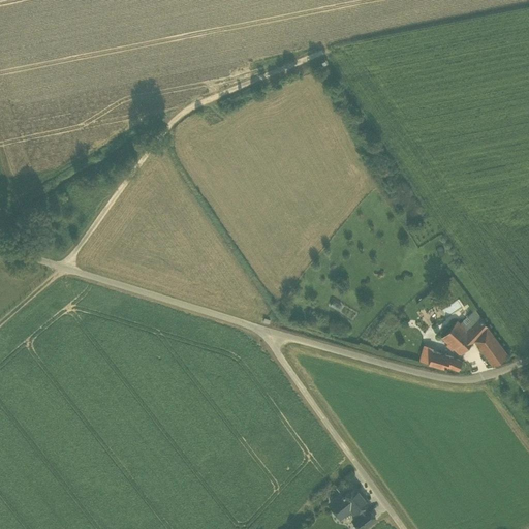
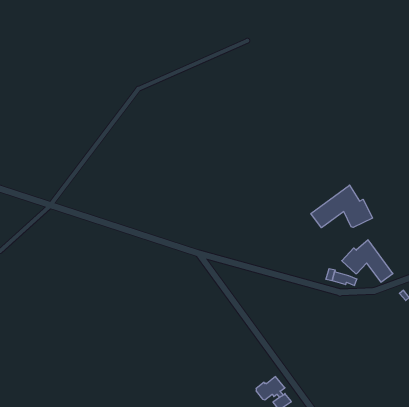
building: none -> [311,185,372,228]

